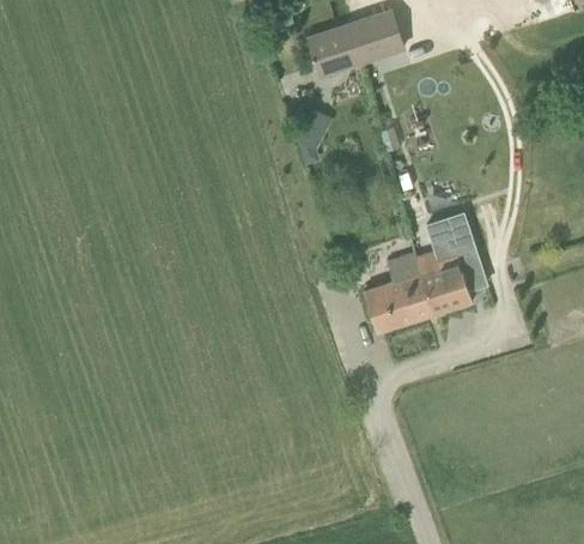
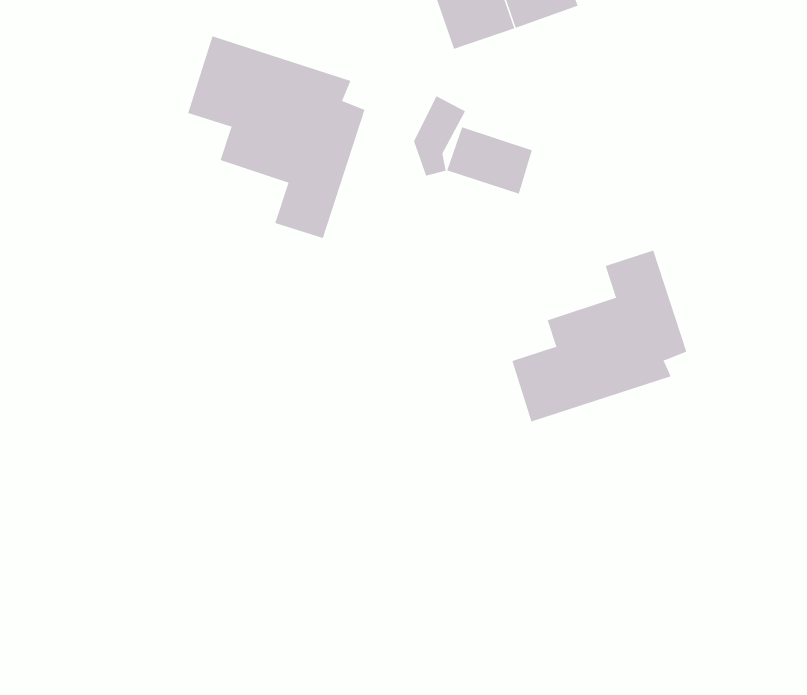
building: none -> [187,35,365,239]
building: none -> [447,127,533,194]

